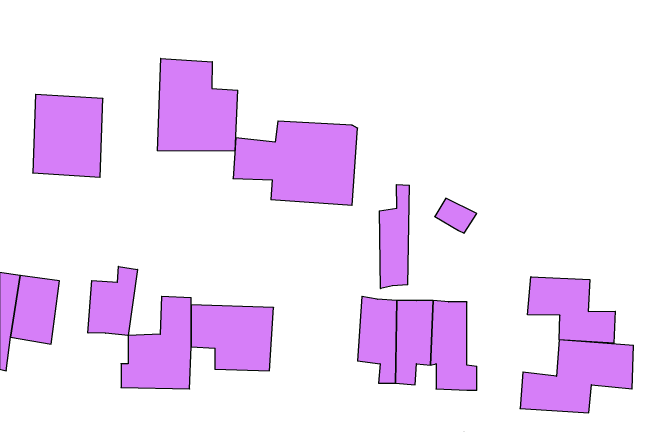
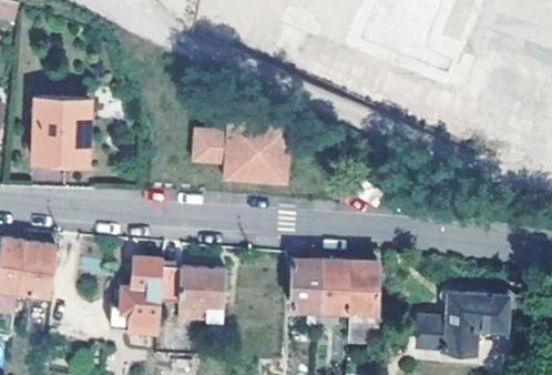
building: [157,58,238,151] -> none
building: [379,185,409,289] -> none
building: [88,266,137,336] -> none
building: [528,277,615,343] -> none

